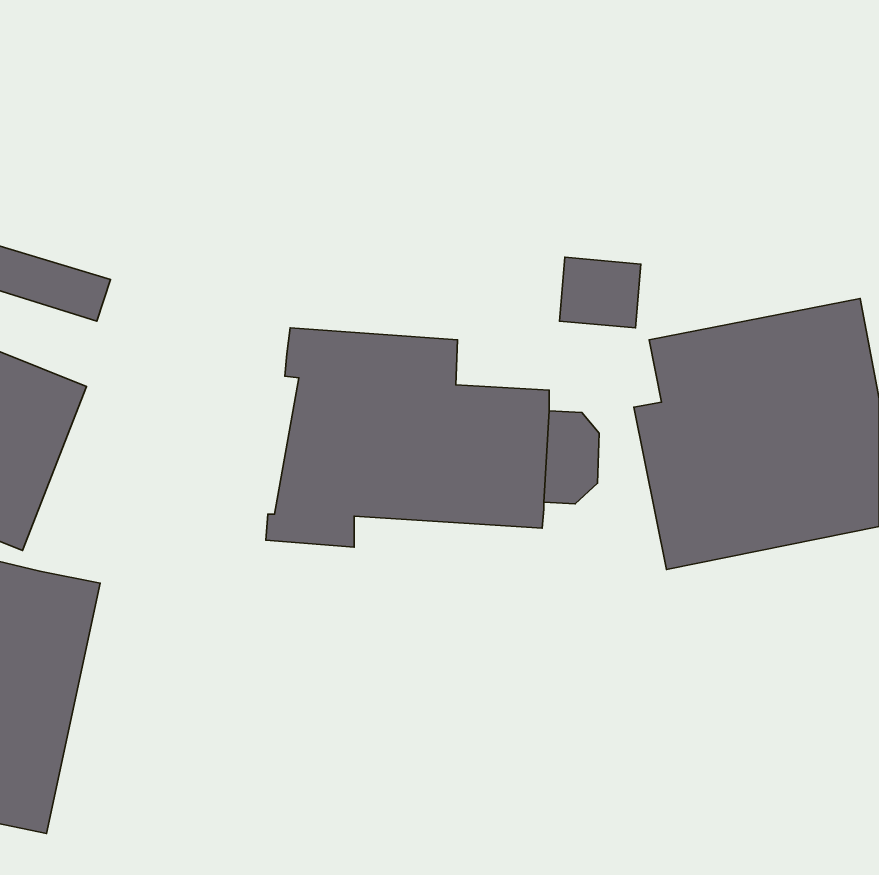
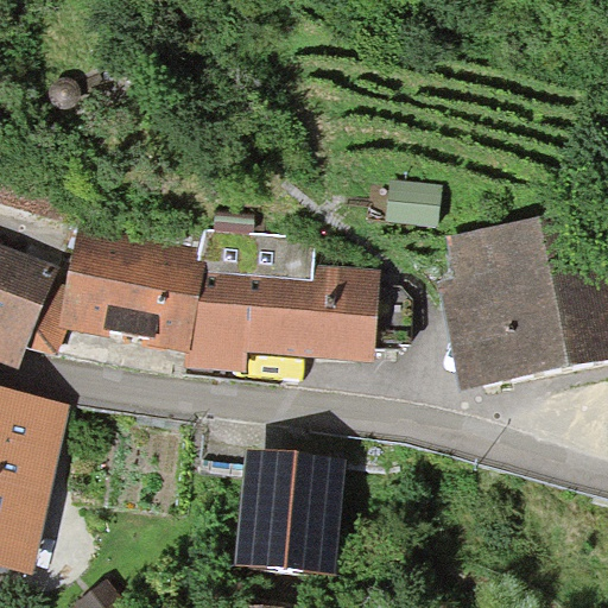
building: none -> [57,222,205,354]
building: none -> [235,450,346,582]

